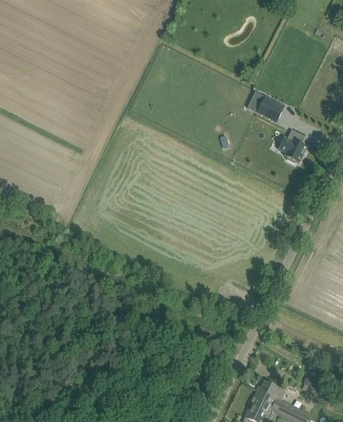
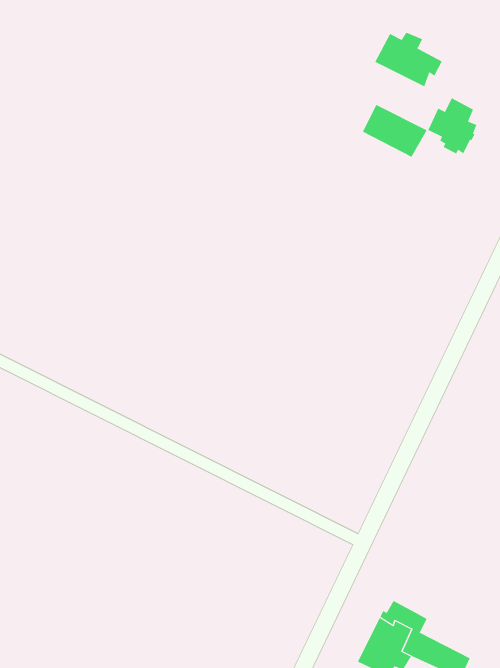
building: none -> [374,32,442,87]
building: [277,130,306,163] -> [427,97,477,154]

